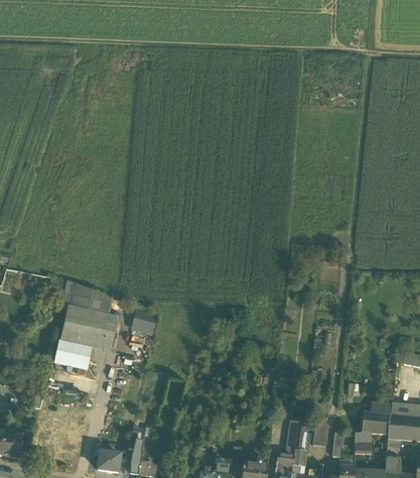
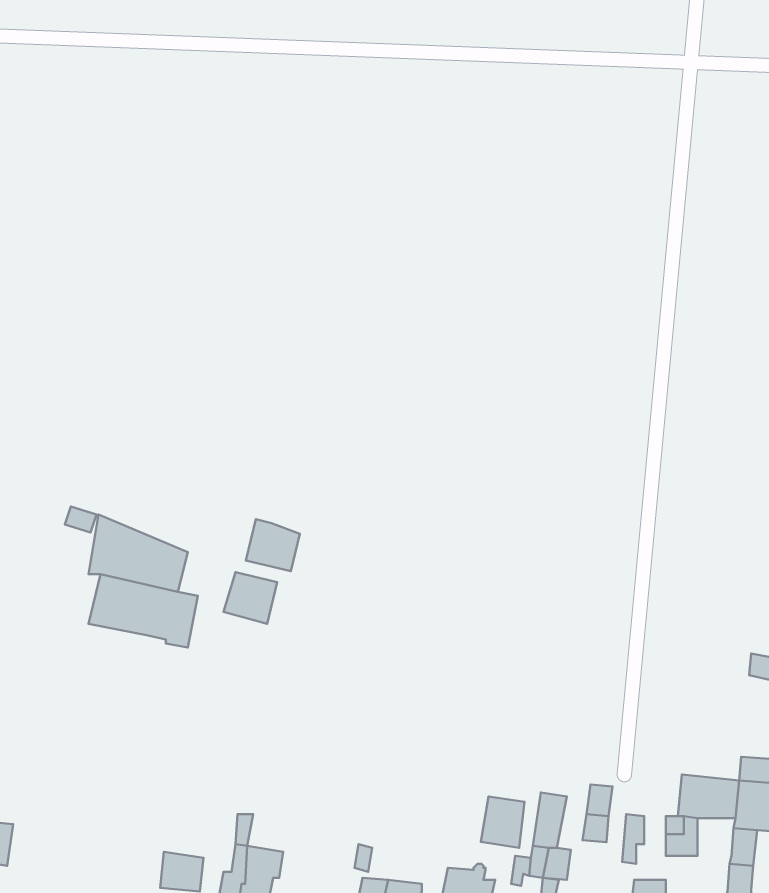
building: none -> [246,519,300,571]
building: [55,335,92,367] -> none
building: none -> [481,797,524,848]

